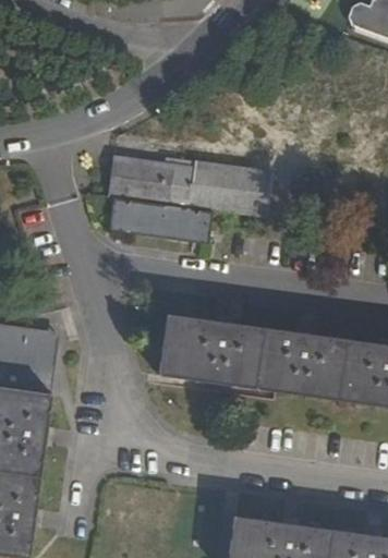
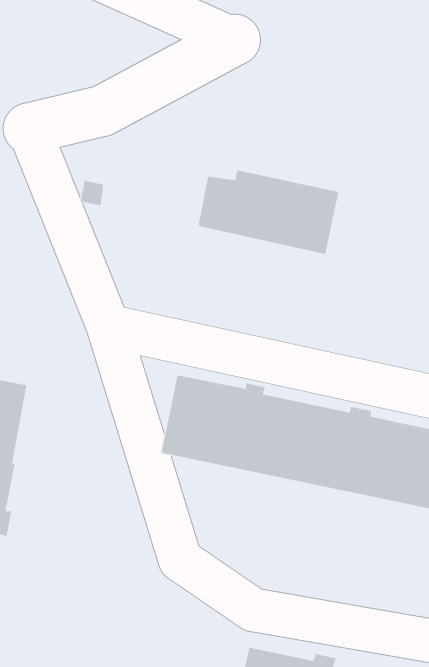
building: [111,155,174,199] -> none
building: [107,198,208,235] -> none

